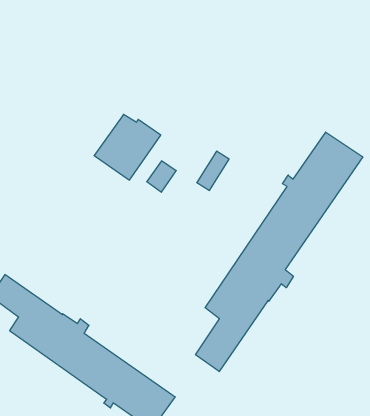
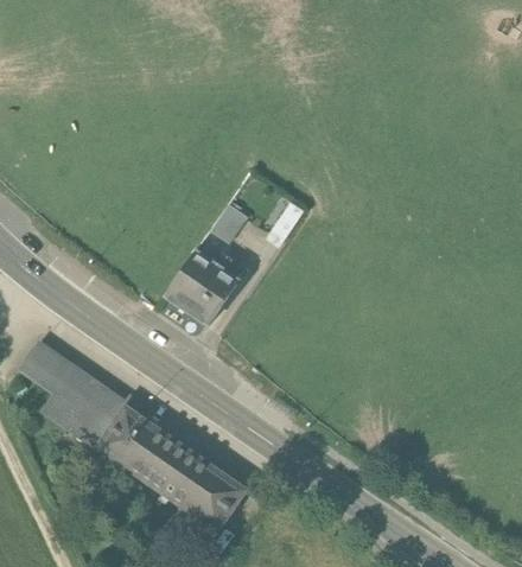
building: [94,114,161,180] -> [164,246,244,325]
building: [196,132,363,372] -> none

